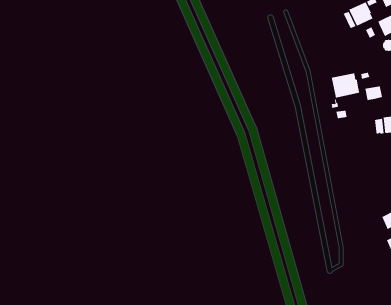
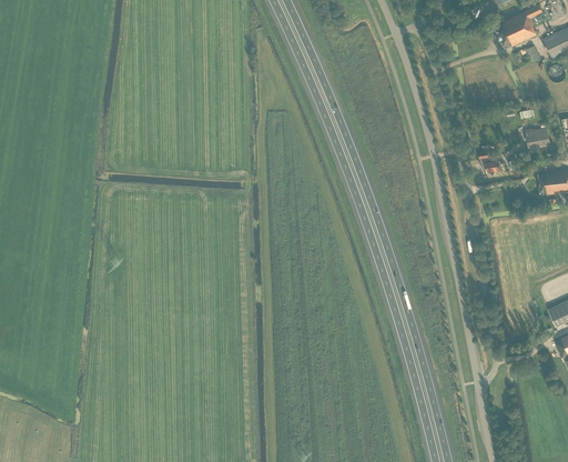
building: [331,73,360,98] -> none

